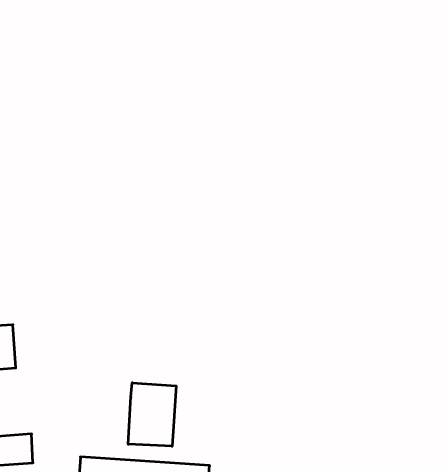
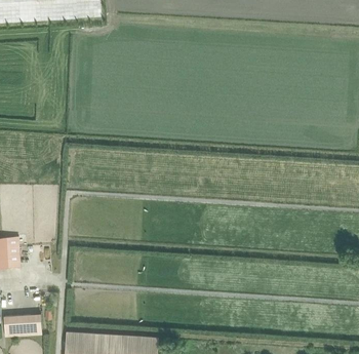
building: [128,383,176,446] -> none

